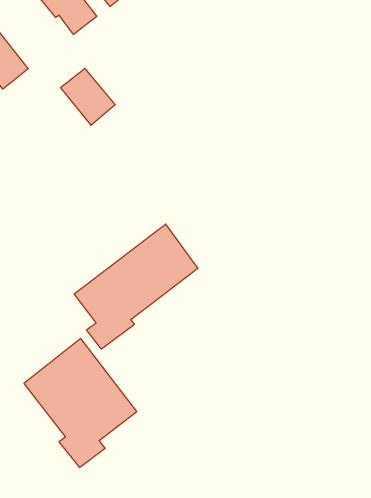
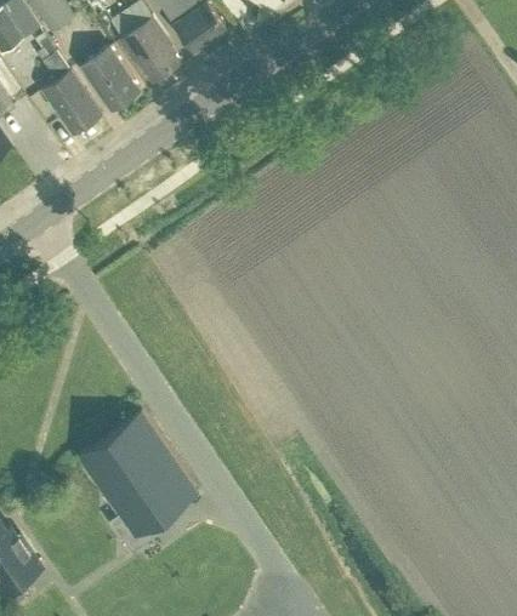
building: [60,68,115,125] -> [81,46,140,108]
building: [74,224,198,349] -> none

